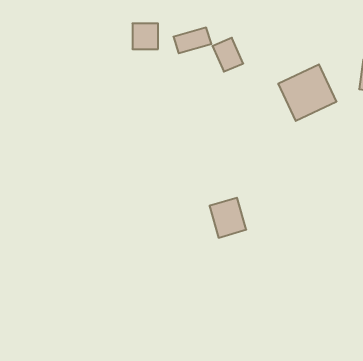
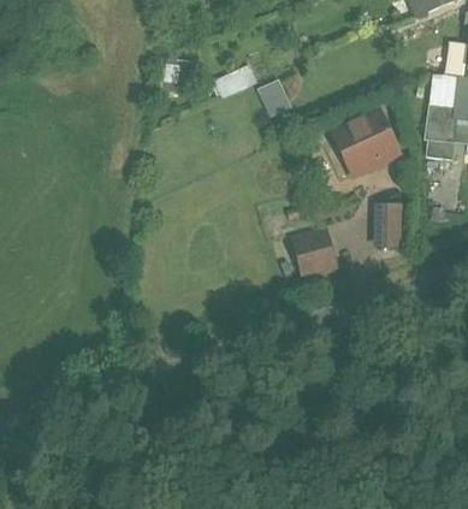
building: none -> [372,203,396,249]
building: [209,198,246,238] -> [294,229,337,276]

